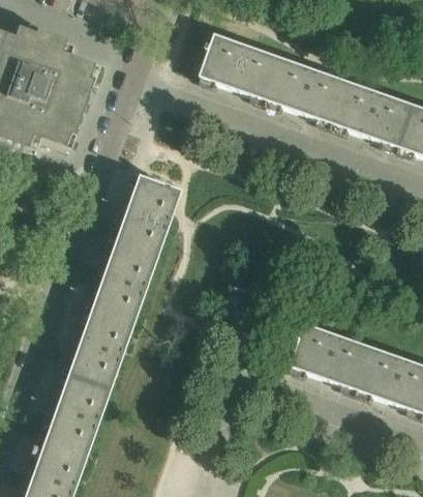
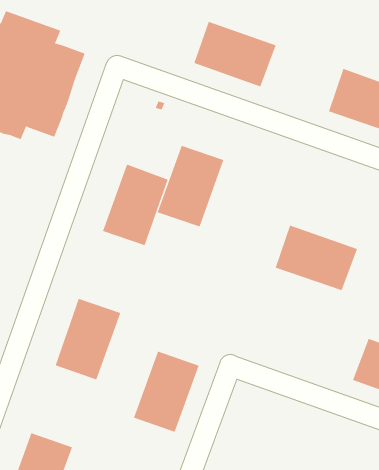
building: [270,58,351,123] -> none
building: [90,241,156,322] -> [157,145,224,227]
building: [294,323,375,388] -> [275,225,358,291]
building: [43,374,109,455] -> [133,351,199,433]

